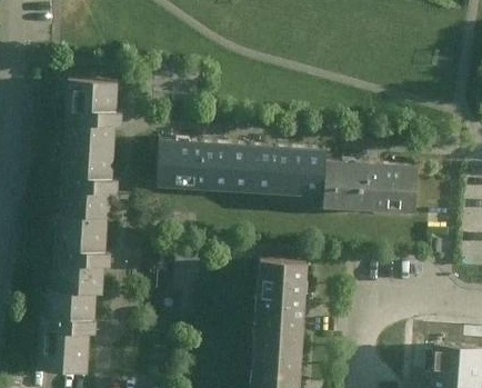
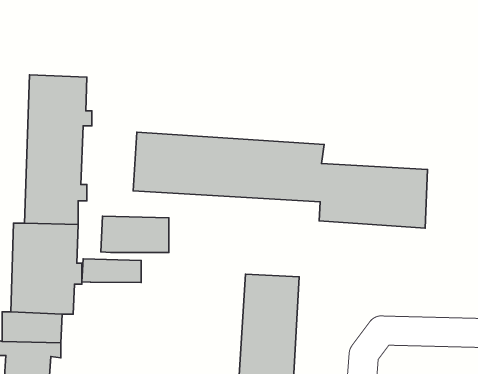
building: none -> [101,216,169,252]
building: none -> [82,259,141,282]

